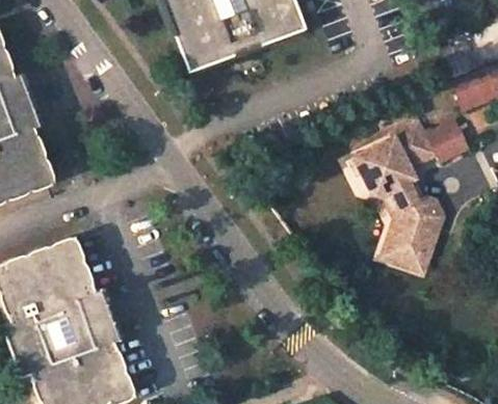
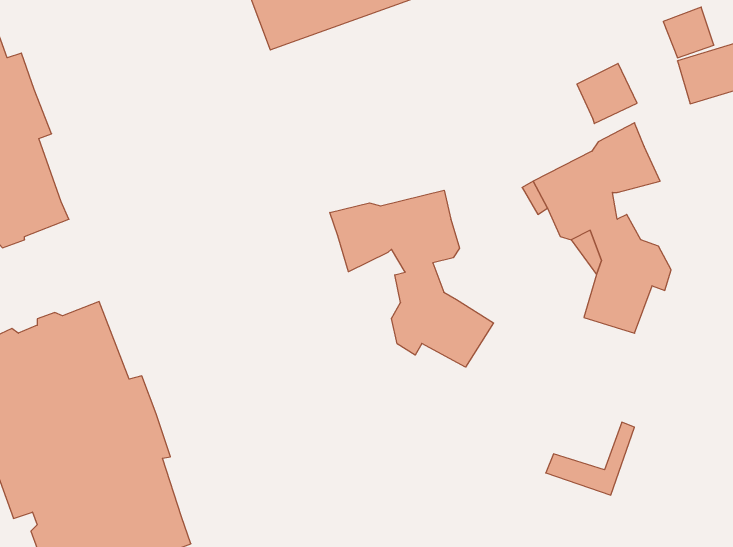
building: [428,122,468,161] -> [577,63,637,124]
building: none -> [330,190,494,367]
building: [384,226,442,274] -> [546,422,634,495]

